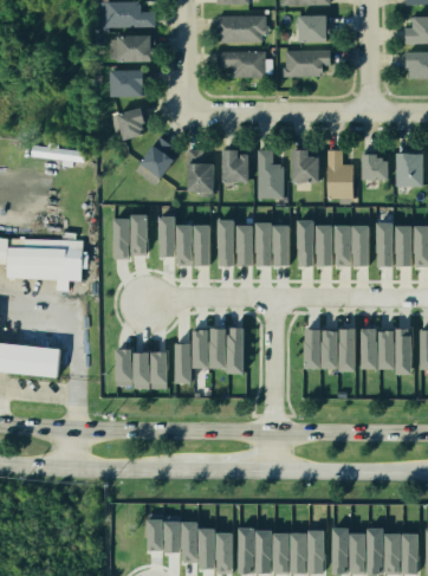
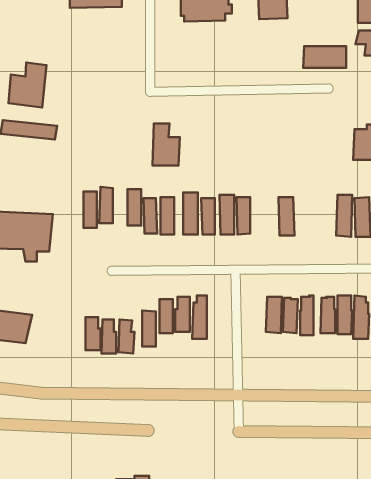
building: [117,37,156,58] -> none
building: [285,51,330,73] -> [303,46,346,68]
building: [218,52,266,77] -> none
building: [110,71,145,96] -> none
building: none -> [8,62,46,107]
building: [114,105,148,141] -> none
building: [135,136,177,186] -> none
building: [223,150,249,182] -> none
building: [258,150,284,199] -> none
building: [292,150,319,182] -> none
building: [328,151,355,196] -> none
building: [362,154,389,180] -> none
building: [299,221,316,267] -> none
building: [337,226,370,267] -> none

